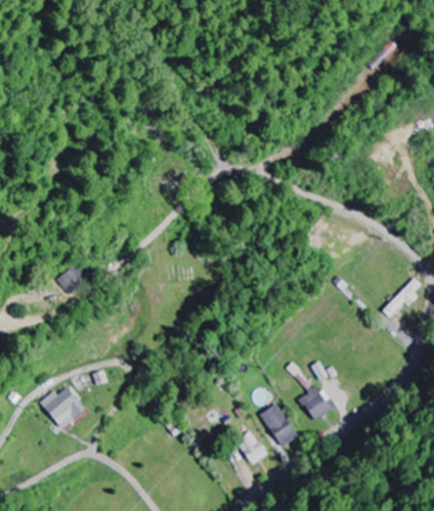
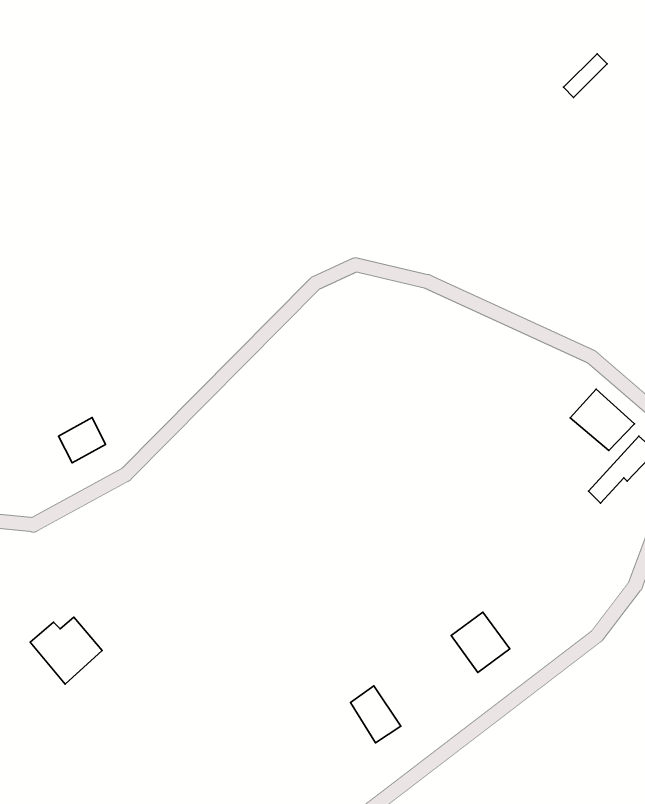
building: none -> [570,389,634,451]
building: [260,402,297,446] -> none

